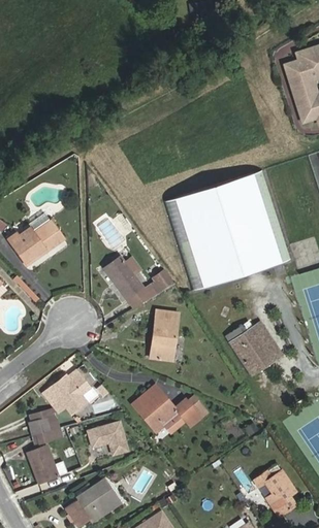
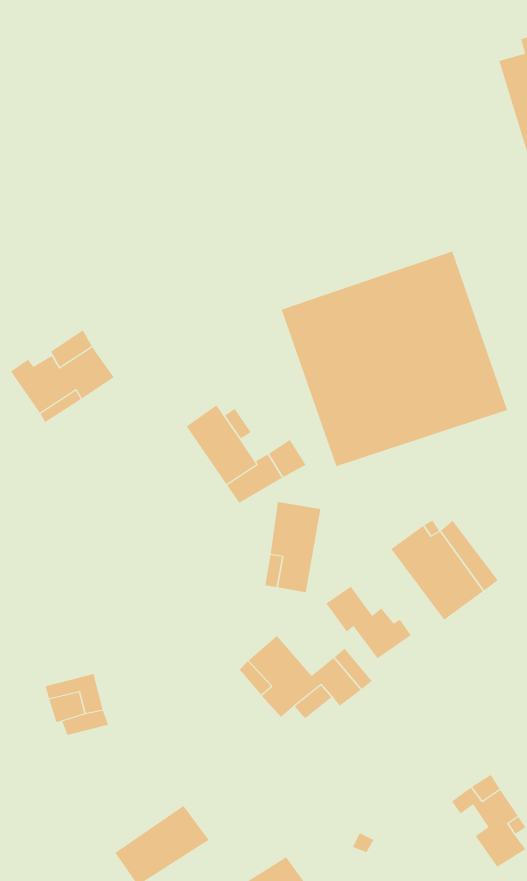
building: none -> [326,586,411,659]
building: [45,372,93,414] -> none
building: [91,423,131,457] -> none
building: [28,442,61,483] -> none

